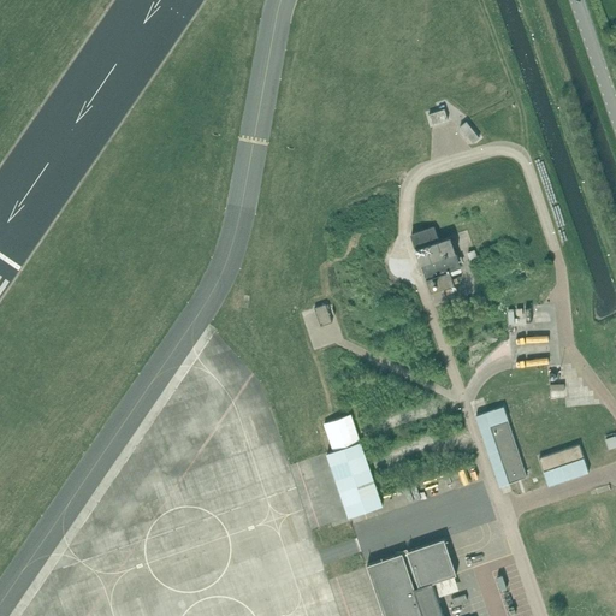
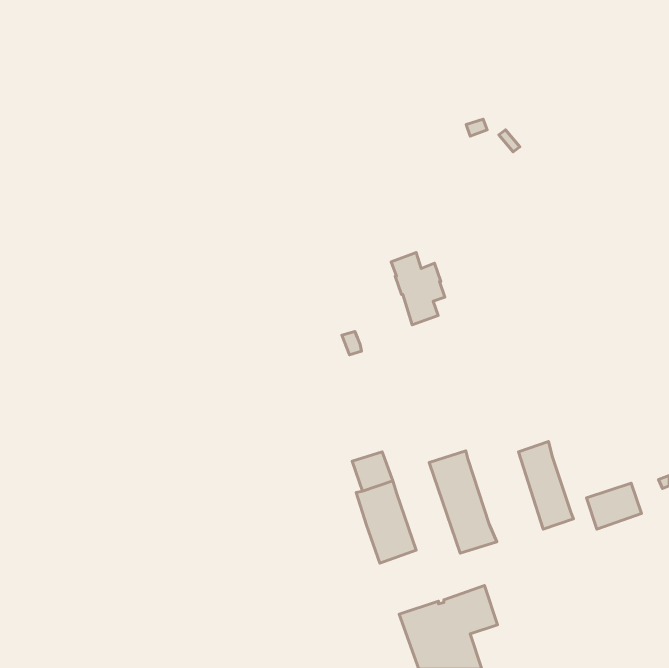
building: [411,227,461,294] -> [391,253,445,325]
building: none -> [429,451,497,553]

